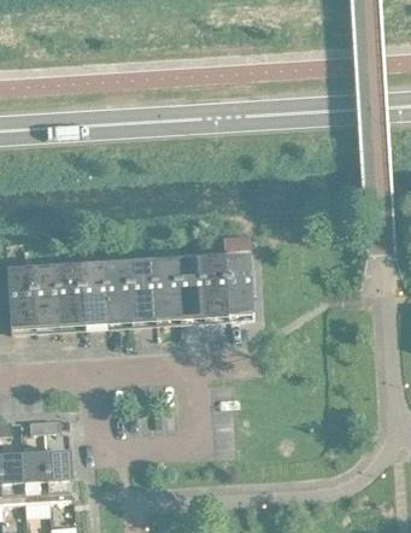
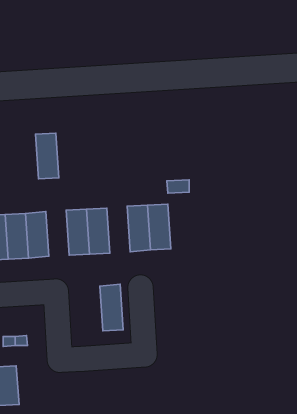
building: [224,258,253,312] -> none
building: [152,262,180,317] -> [100,284,123,331]
building: [80,266,107,321] -> [36,133,59,179]
building: [45,449,72,497] -> none

